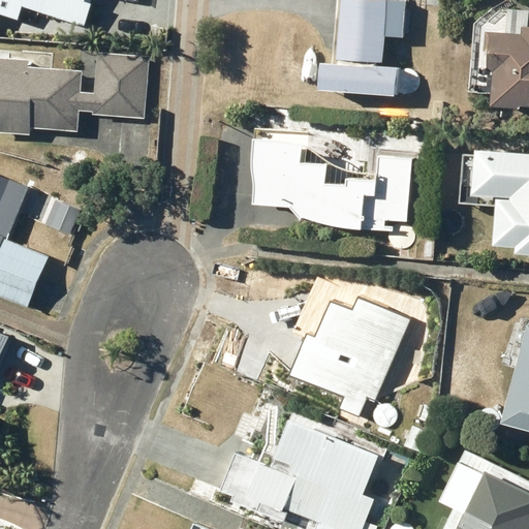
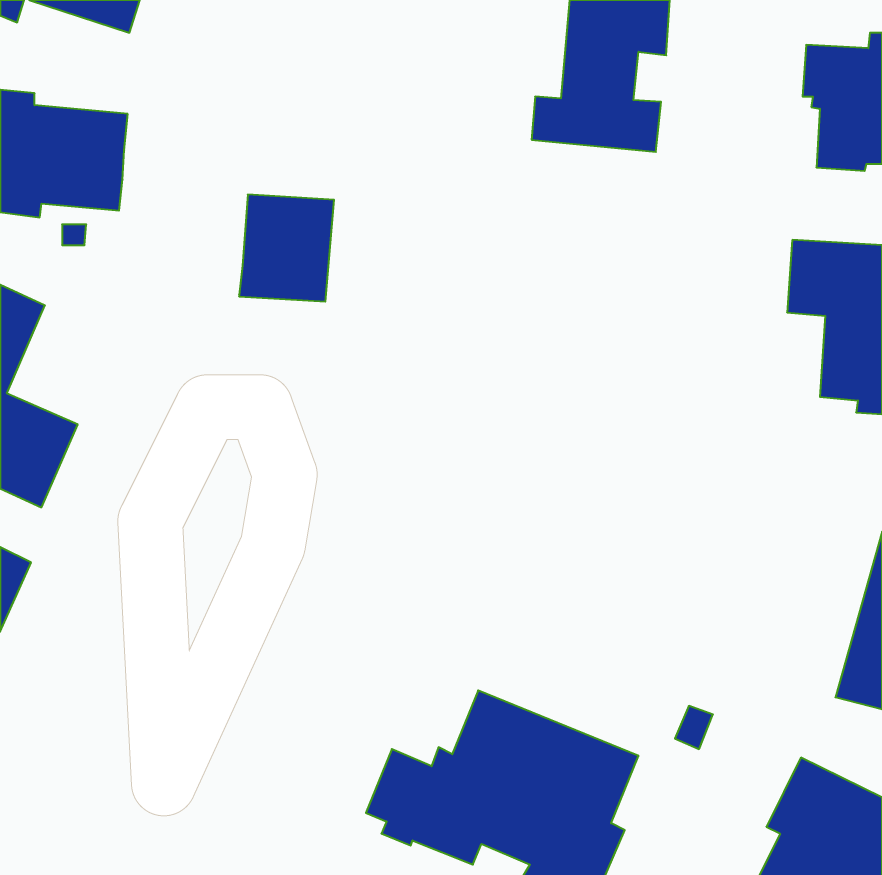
building: [86,53,143,117] -> [239,195,334,302]
building: [242,133,411,230] -> none
building: [288,295,410,417] -> none

